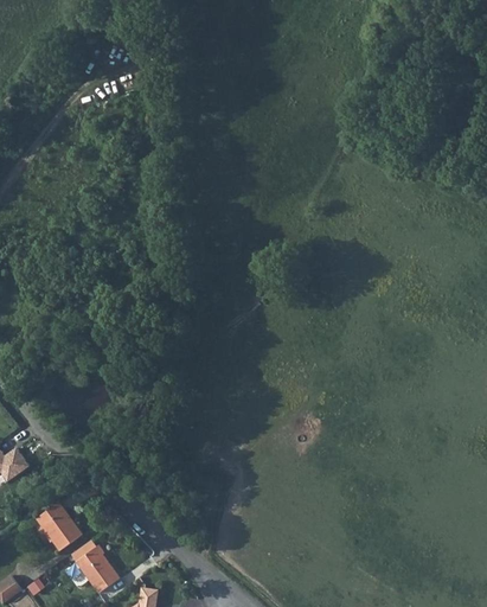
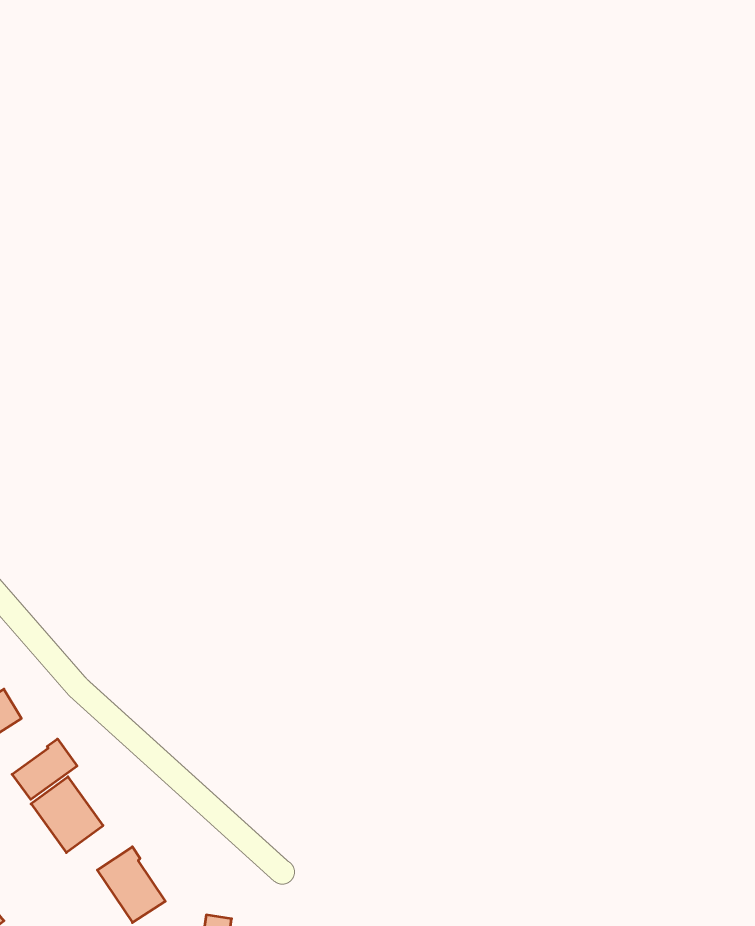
building: none -> [12,739,77,799]

